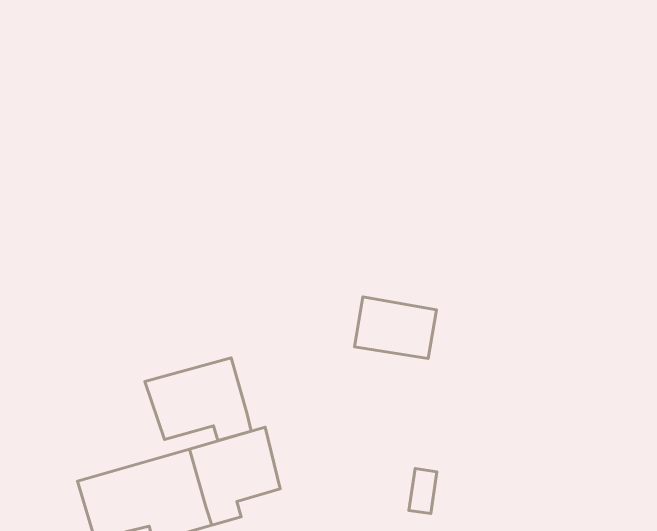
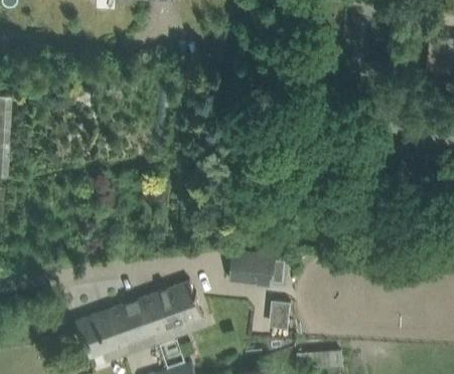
building: [354,297,436,358] -> [228,250,275,285]
building: [145,358,251,441] -> none

